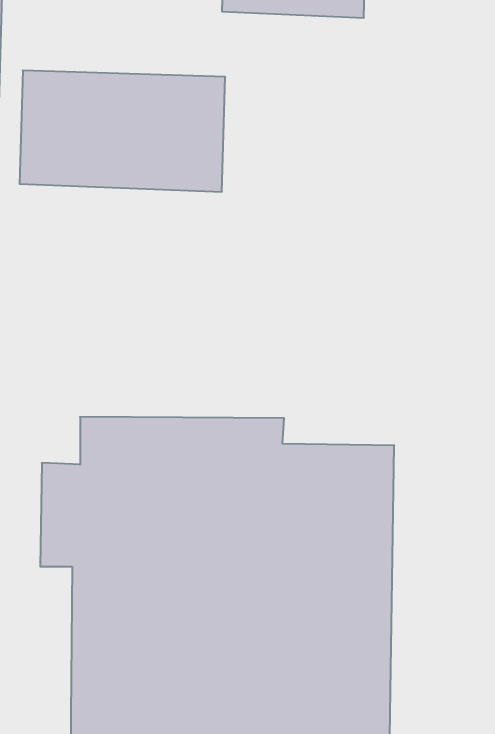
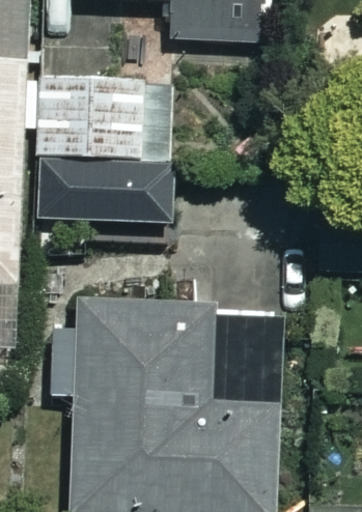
building: none -> [36,158,174,231]

